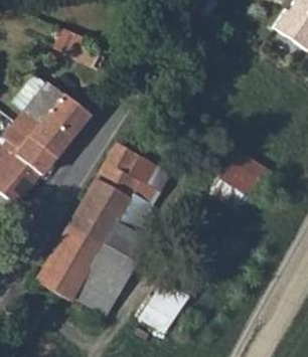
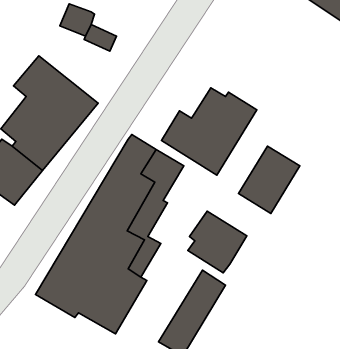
building: none -> [162,88,257,175]
building: none -> [188,211,247,273]

